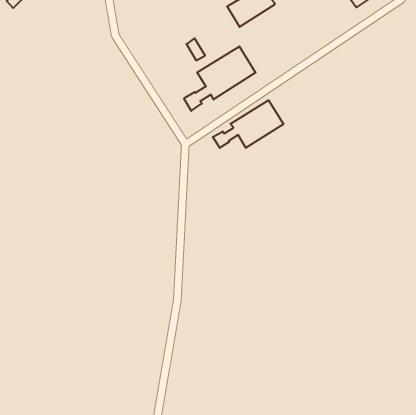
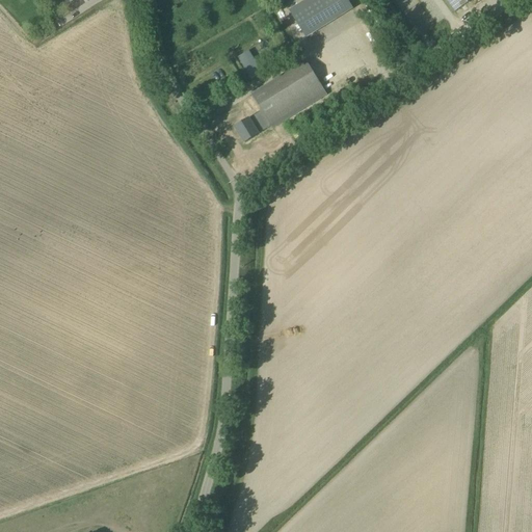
building: [213,100,283,148] -> none

